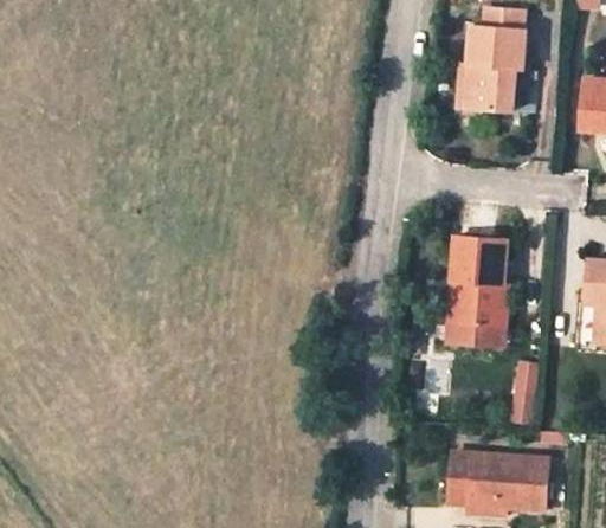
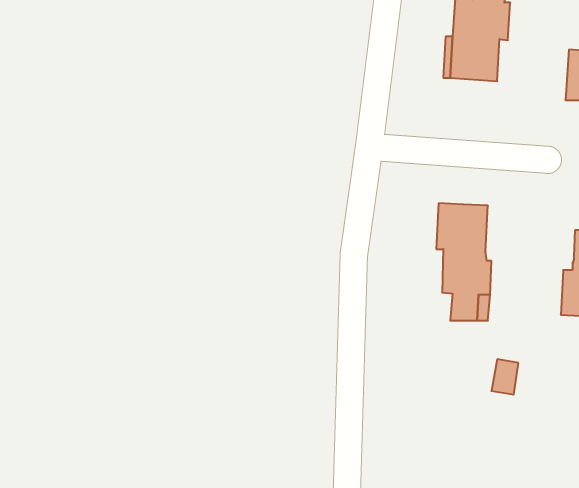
building: [449,450,548,513] -> none

